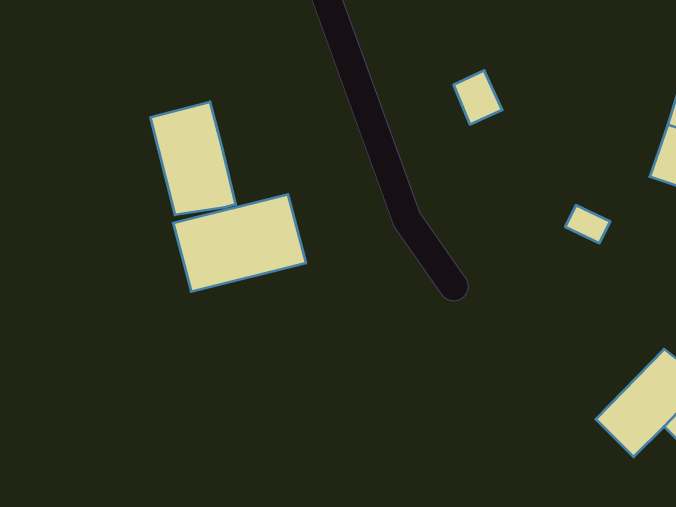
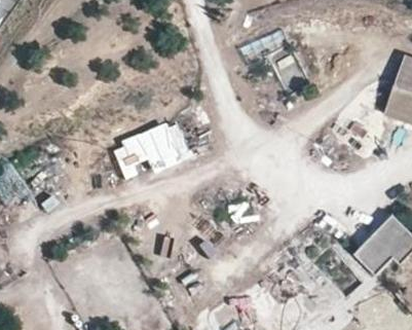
building: [151,102,236,215] -> none

